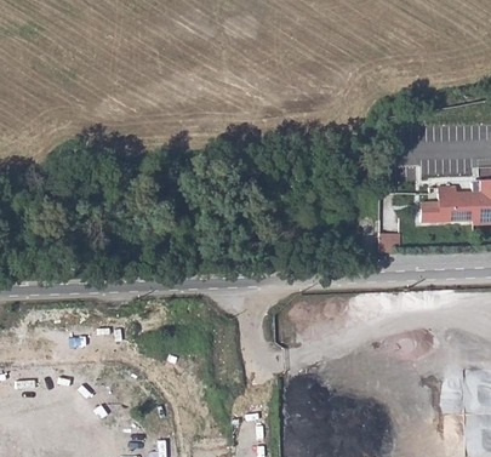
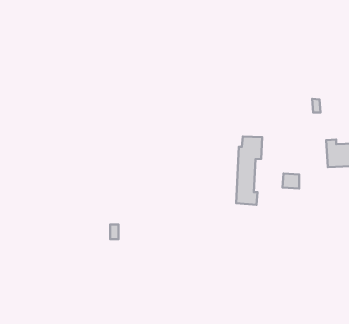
building: none -> [236,136,262,205]

